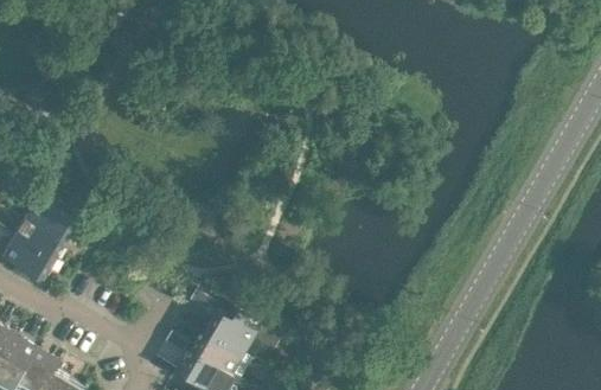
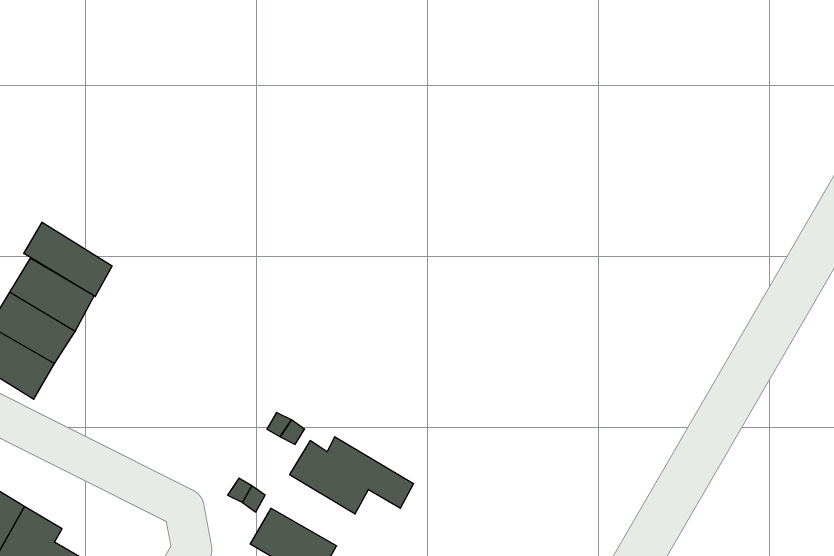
building: none -> [24,222,112,297]
building: [190,327,243,372] -> none

